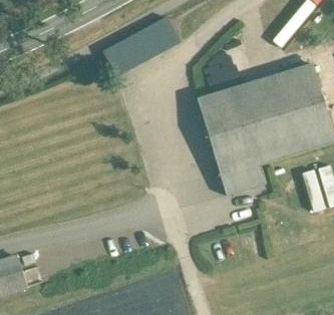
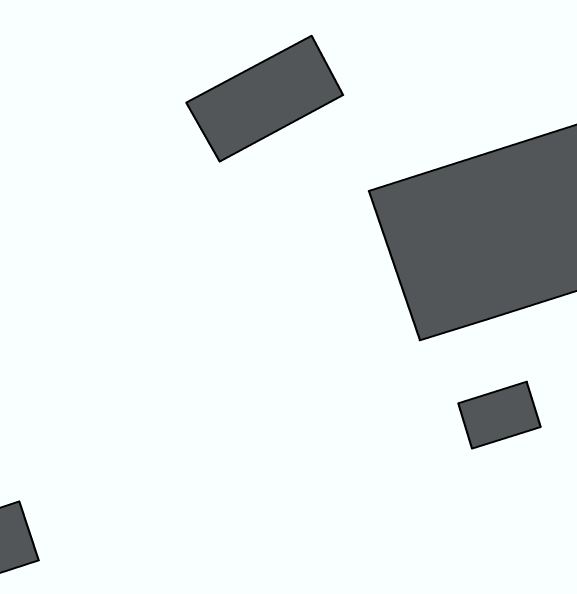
building: [222,165,264,199] -> [458,382,541,449]

